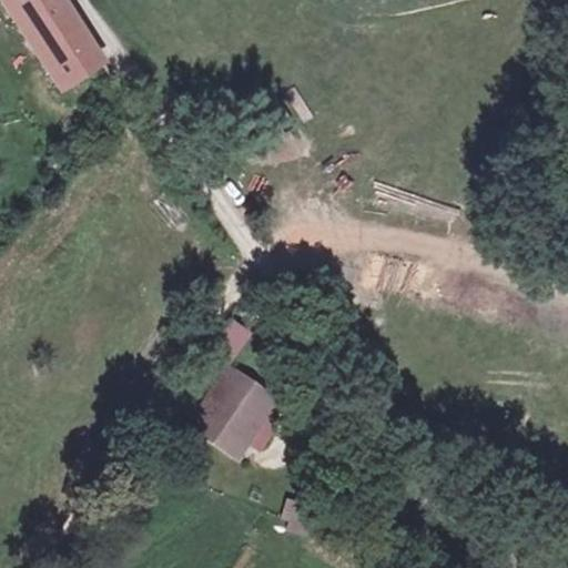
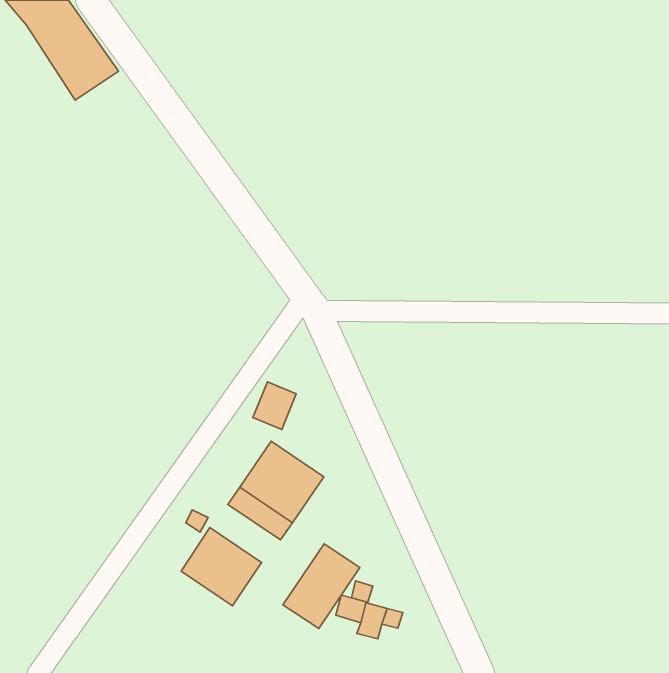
building: none -> [181,528,262,606]
building: none -> [283,544,360,628]

